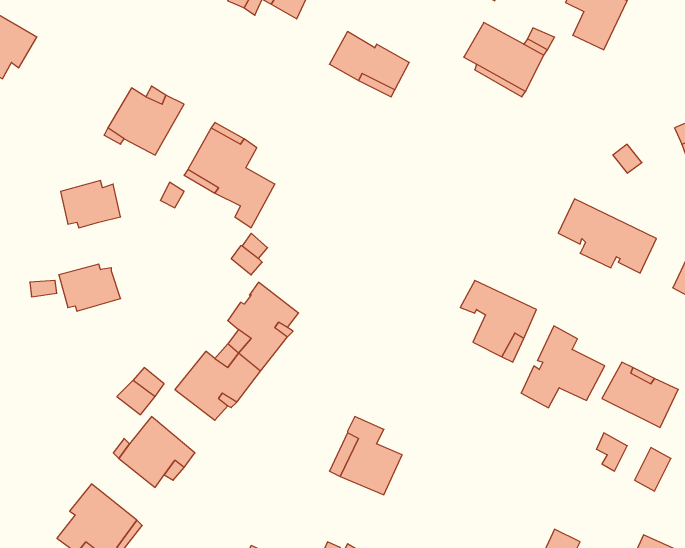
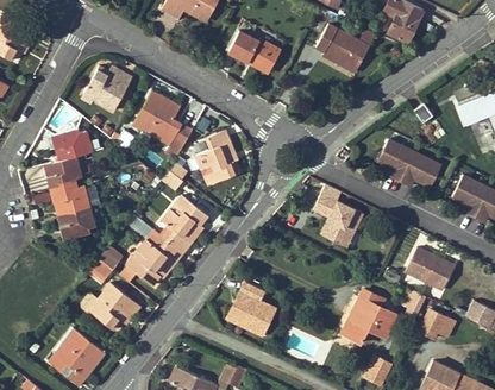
building: none -> [194,128,238,184]
building: none -> [44,155,82,189]
building: none -> [58,205,95,239]
building: [521,326,605,408] -> [342,288,396,341]

